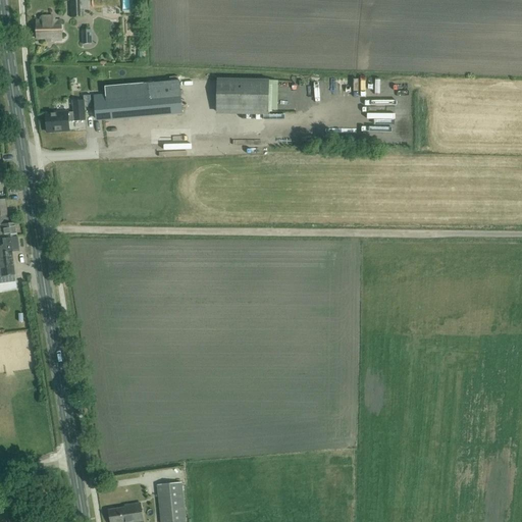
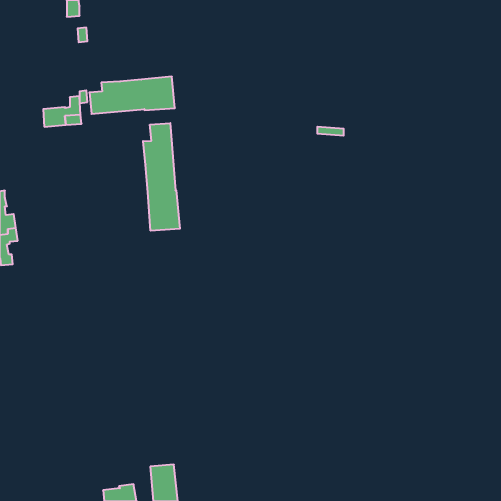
building: [35,16,61,40] -> none
building: [215,77,268,111] -> none
building: none -> [143,123,180,231]

